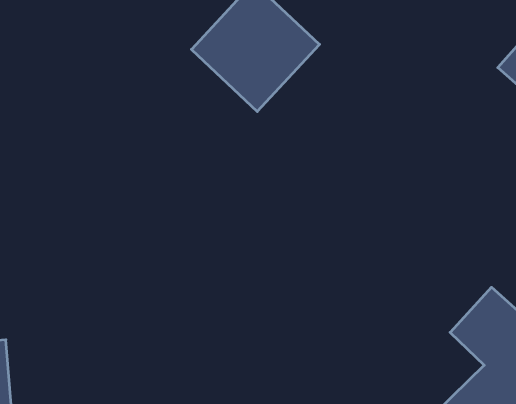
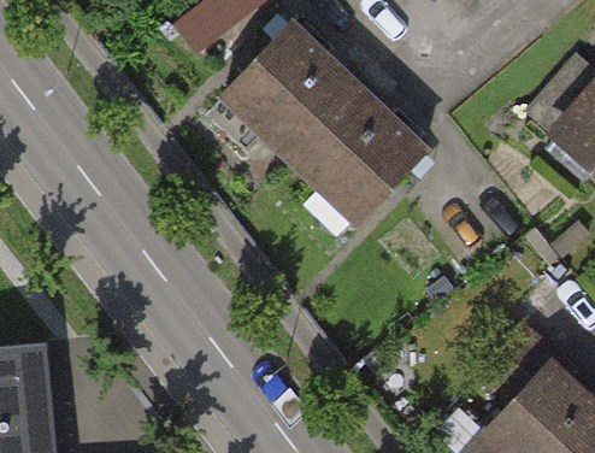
building: none -> [294,88,423,216]

